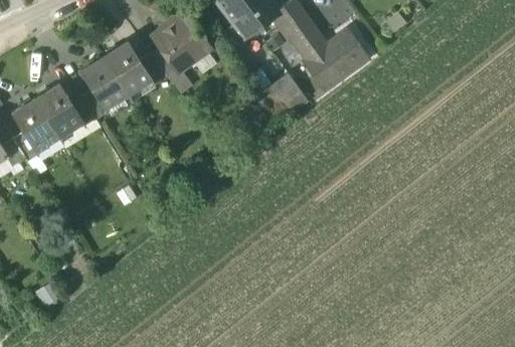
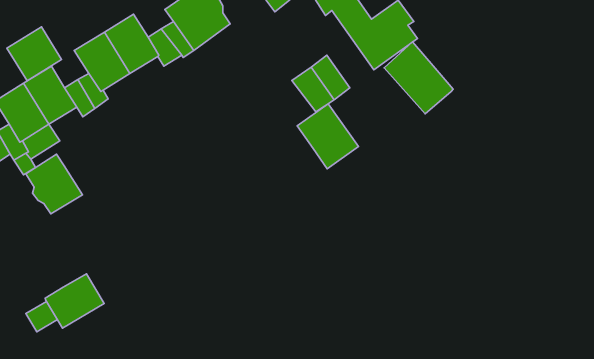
building: none -> [7,27,62,81]
building: none -> [384,42,453,114]
building: none -> [297,104,358,169]
building: none -> [26,154,82,214]
building: none -> [45,274,104,328]

